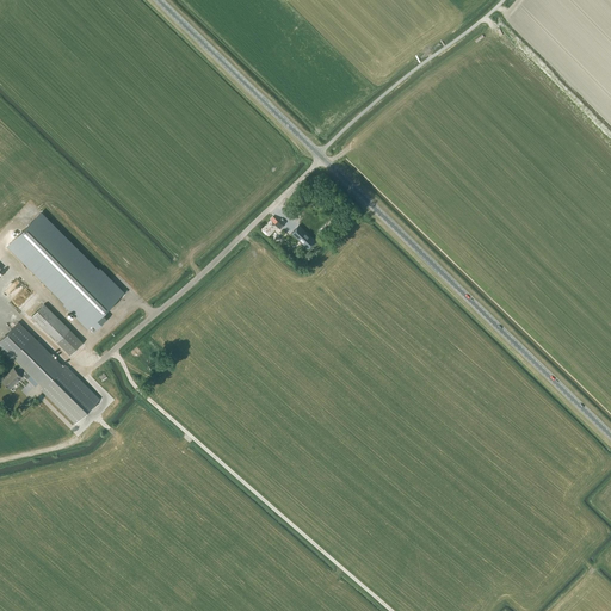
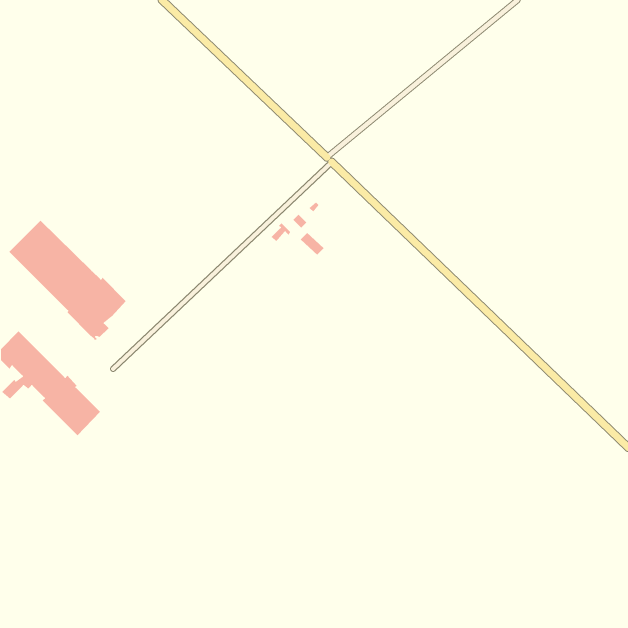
building: [32,304,82,354] -> none

